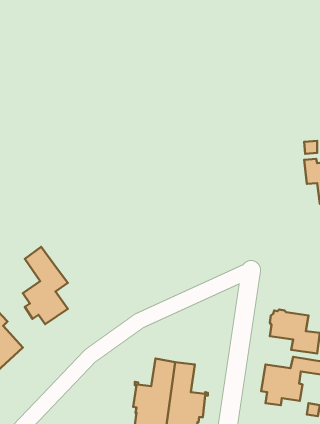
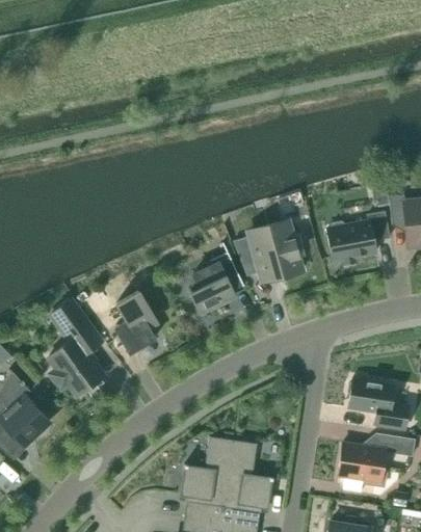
building: none -> [326,211,390,265]
building: none -> [233,224,302,275]
building: none -> [189,242,243,317]
building: none -> [114,290,157,352]

